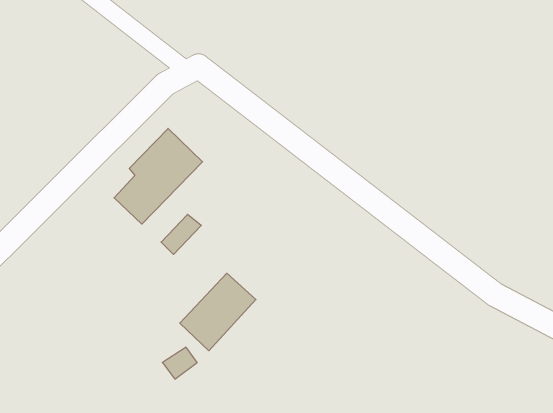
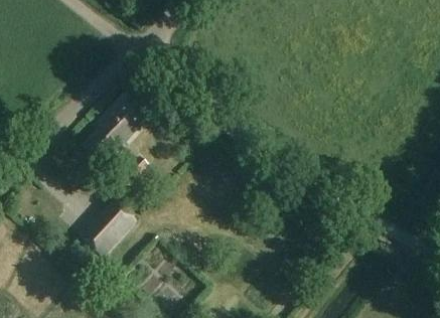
building: [180,273,256,351] -> [81,198,136,255]

